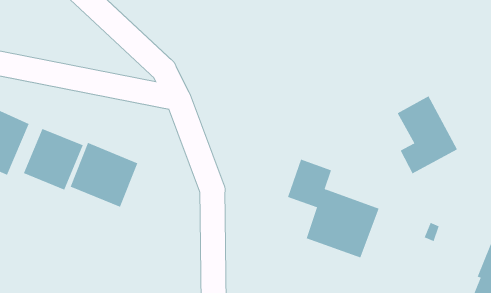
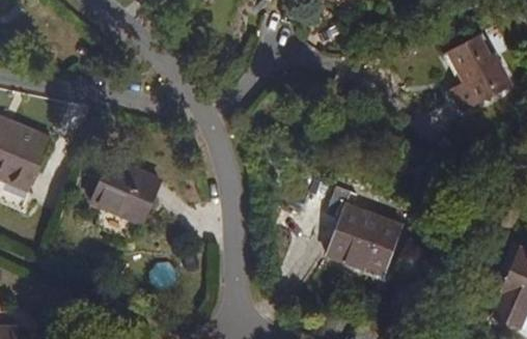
building: [397,96,458,174] -> [446,34,507,113]
building: [23,128,84,191] -> none

